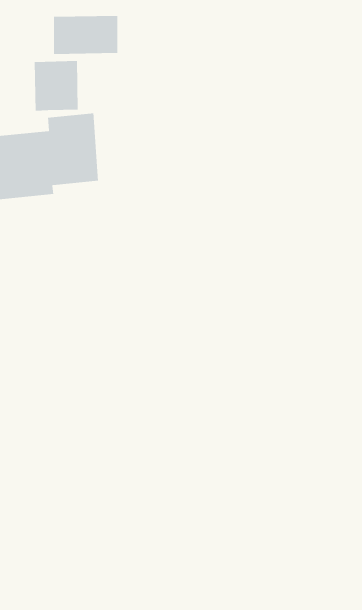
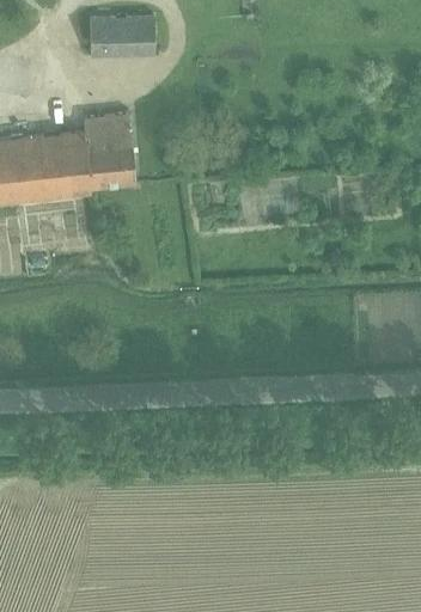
building: [34,60,79,111] -> none

